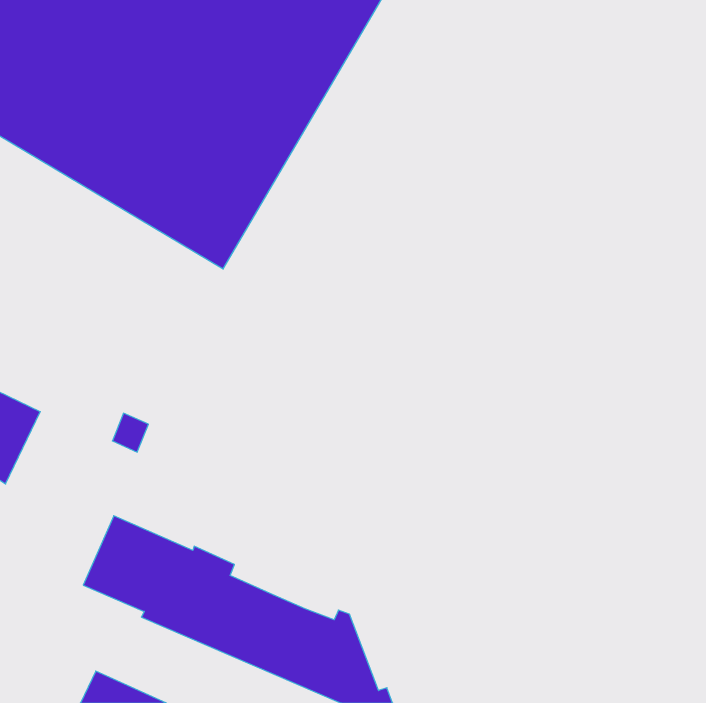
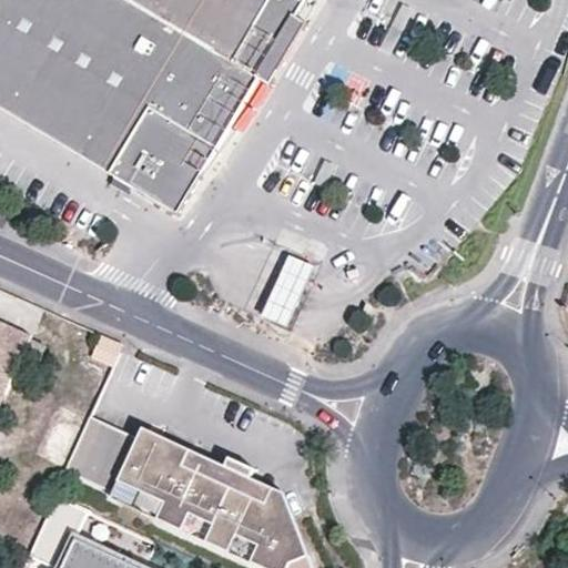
building: none -> [260,251,314,323]

